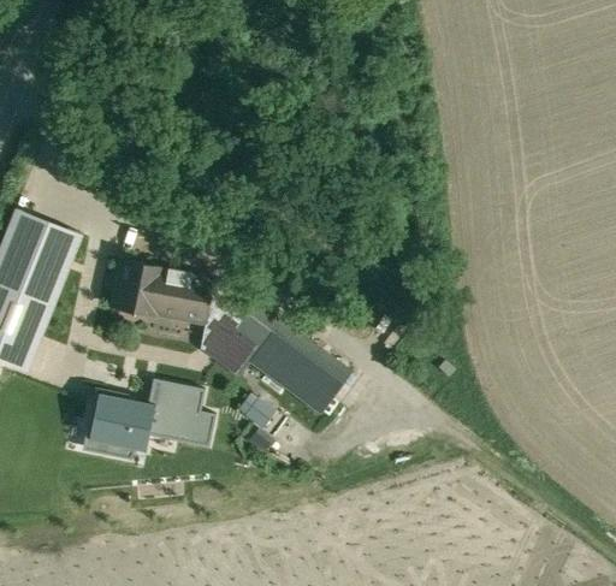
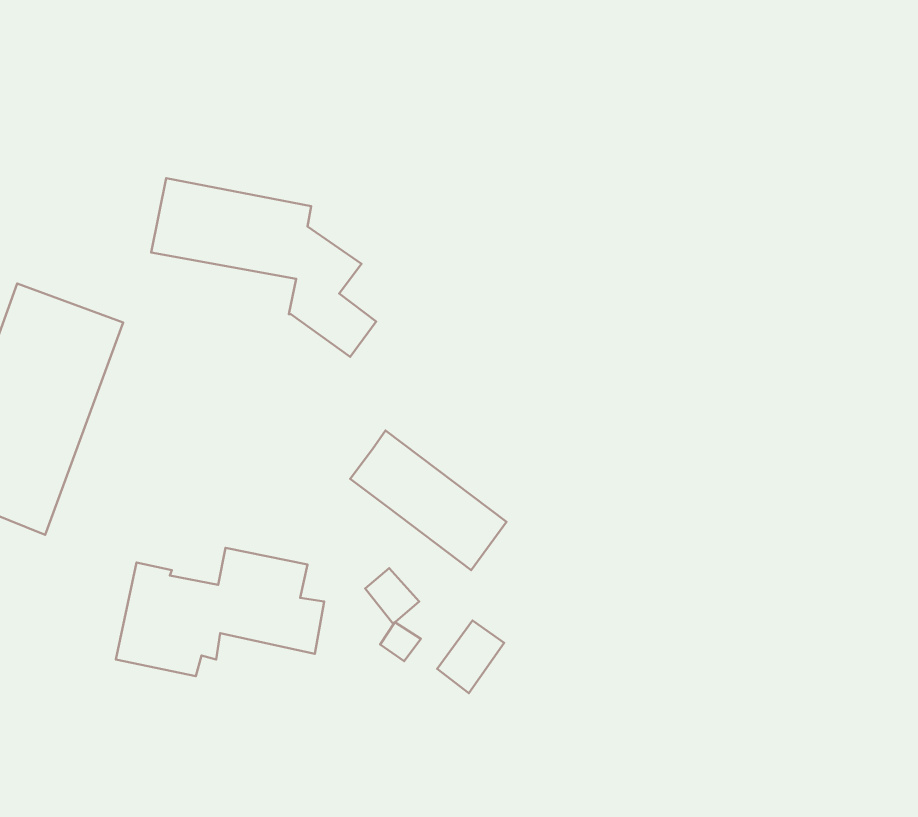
building: [107,260,253,375] -> [151,178,376,357]
building: [307,362,350,409] -> [437,621,504,693]

